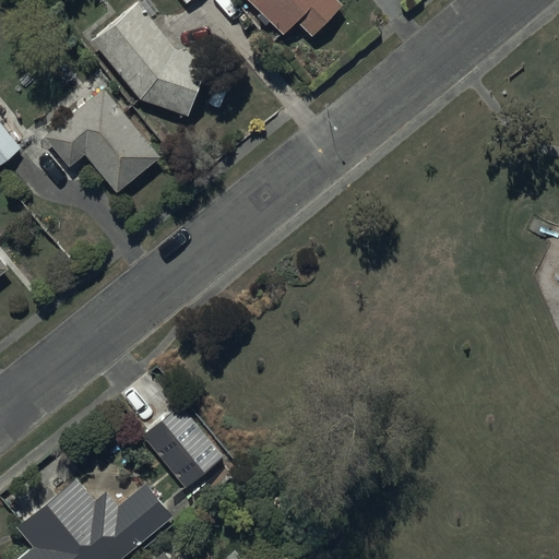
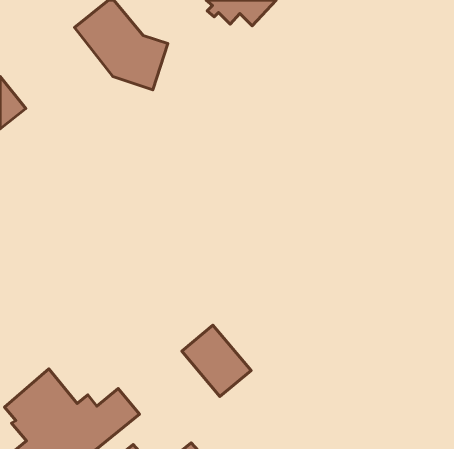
building: [44,90,159,193] -> none
building: [141,405,226,492] -> [182,325,251,396]

